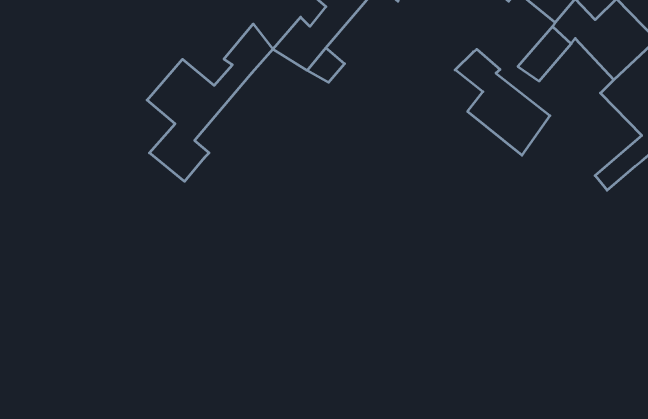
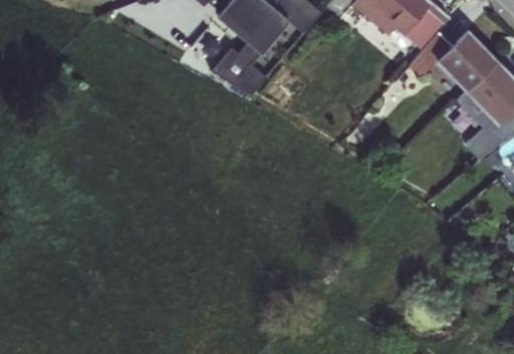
building: [147,24,273,181] -> none
building: [455,49,550,155] -> none

